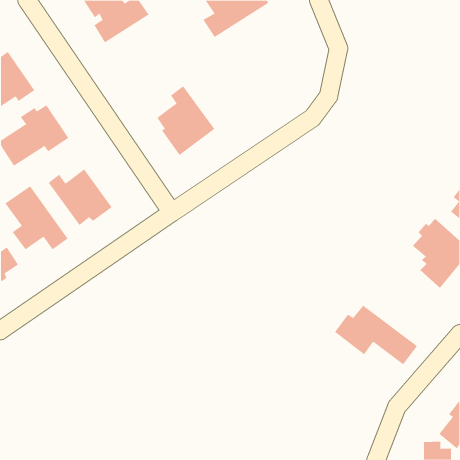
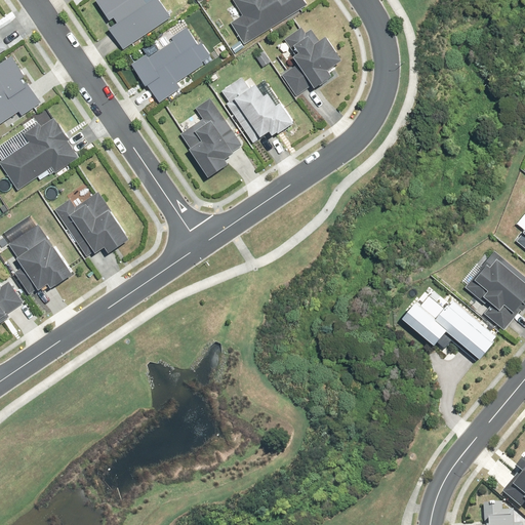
building: none -> [278,25,341,96]
building: none -> [130,27,210,104]
building: none -> [216,71,292,147]
building: [334,305,418,365] -> [398,288,493,357]

